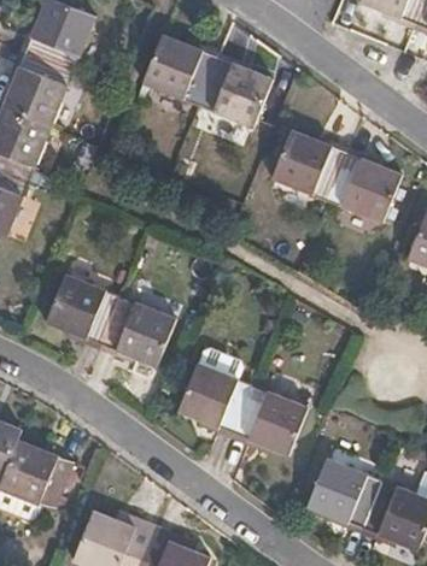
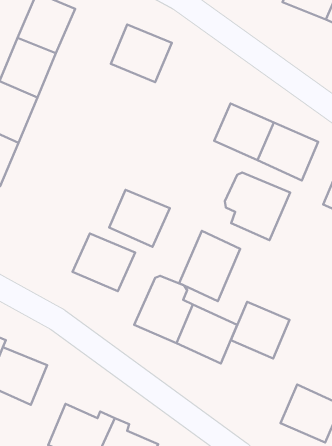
building: [201,55,277,128] -> none
building: none -> [225,173,290,240]
building: [43,271,119,342] -> [109,190,170,247]
building: none -> [179,231,240,301]
building: [305,460,379,531] -> [231,302,290,358]

